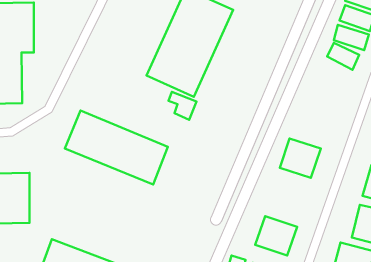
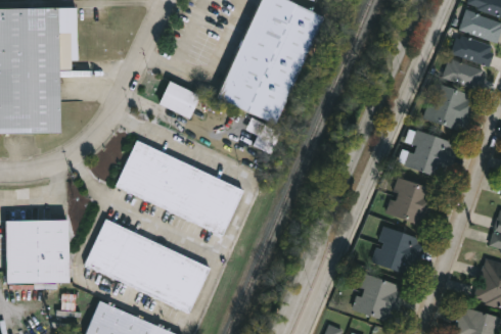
building: none -> [419,83,476,132]
building: none -> [160,85,197,116]
building: none -> [399,130,452,177]
building: none -> [84,221,210,312]
building: none -> [372,227,421,275]

